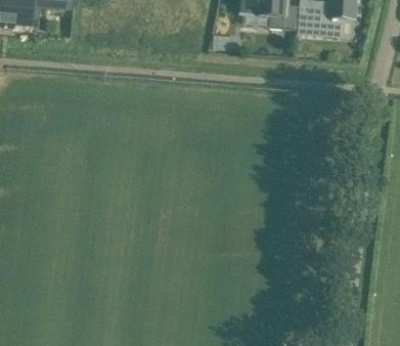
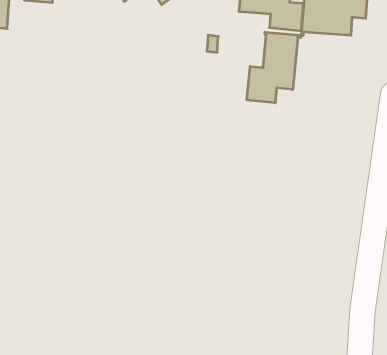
building: none -> [247,32,301,103]

